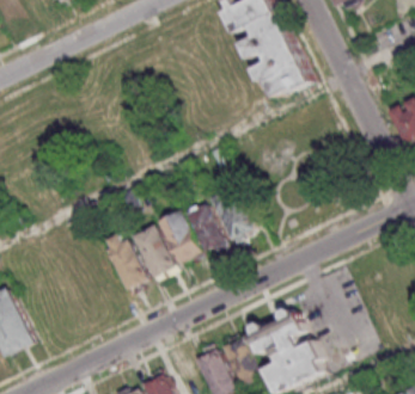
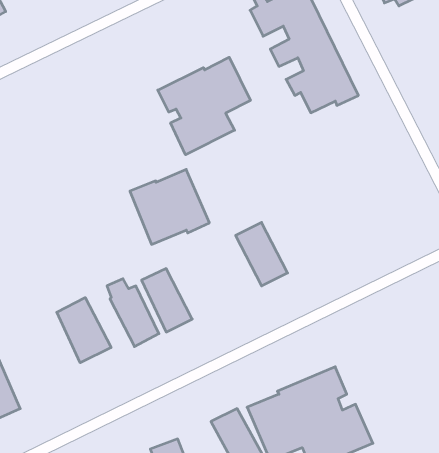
building: none -> [158,57,250,155]
building: [160,199,226,261] -> [130,169,209,244]
building: none -> [57,298,111,363]

